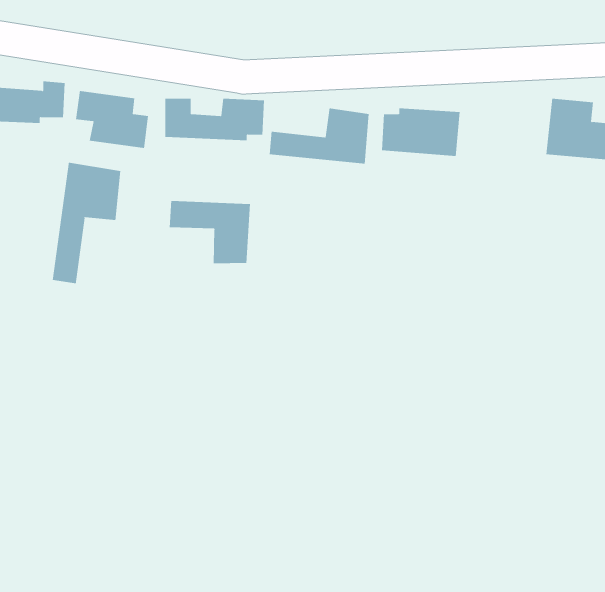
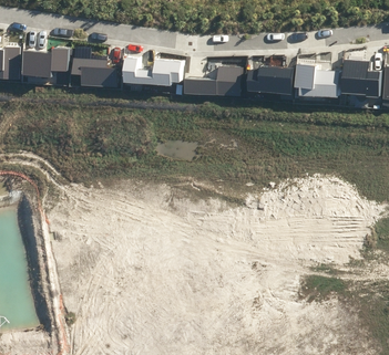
building: none -> [297,64,339,96]
building: [52,162,121,284] -> none
building: [169,200,251,264] -> none

